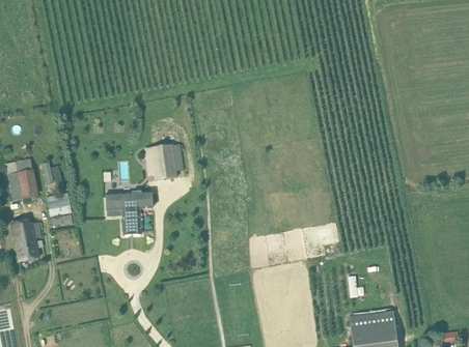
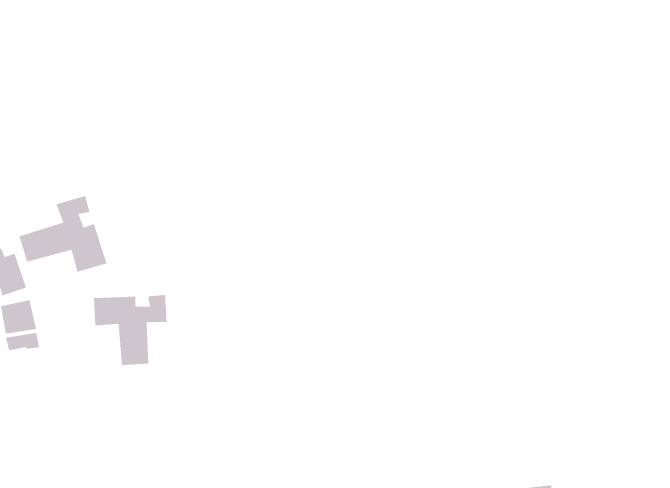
building: none -> [19,195,107,273]
building: [145,143,181,178] -> none

